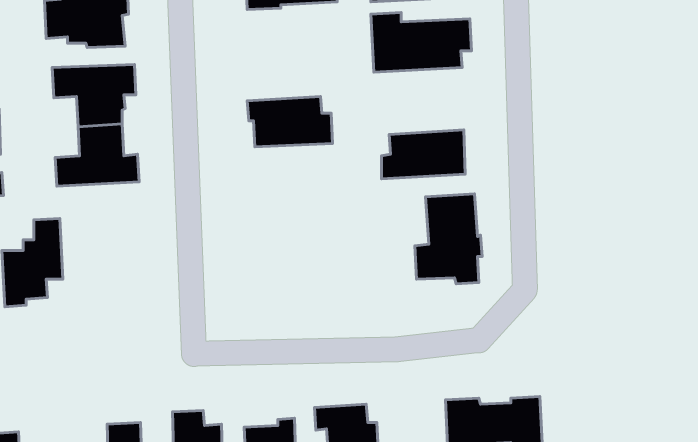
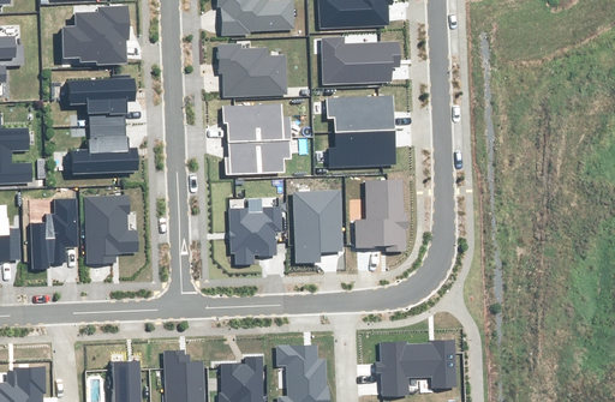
building: none -> [217,44,285,96]
building: none -> [326,95,393,133]
building: none -> [223,140,291,175]
building: none -> [292,191,342,263]
building: none -> [83,196,137,264]
building: none -> [228,200,280,264]

